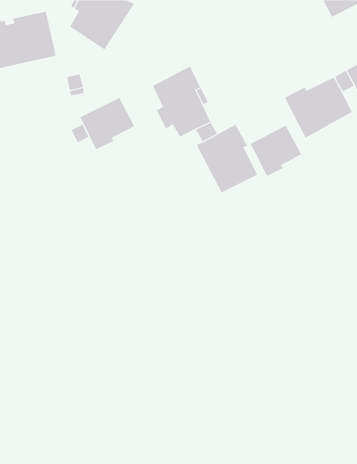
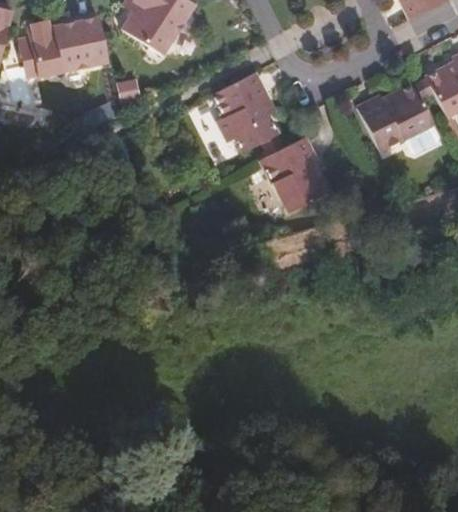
building: [79,97,135,150] -> none
building: [249,125,302,177] -> none

